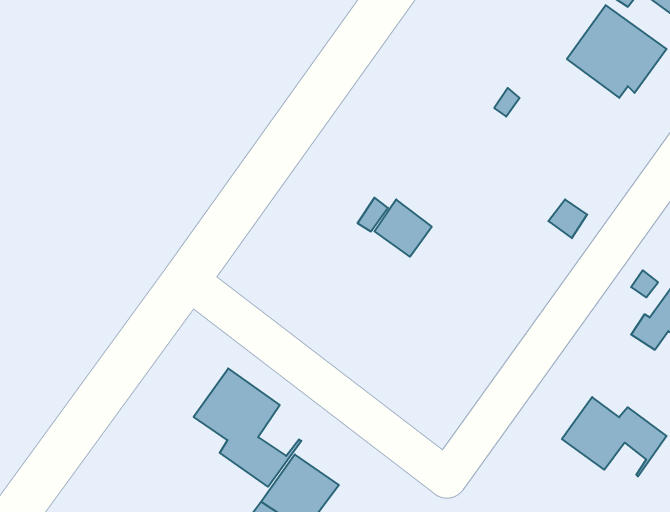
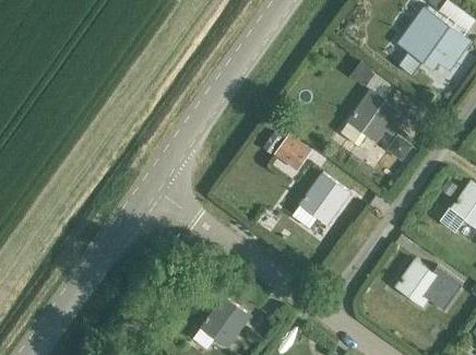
building: none -> [341,90,398,145]
building: none -> [291,173,348,228]
building: [194,368,301,487] -> none

